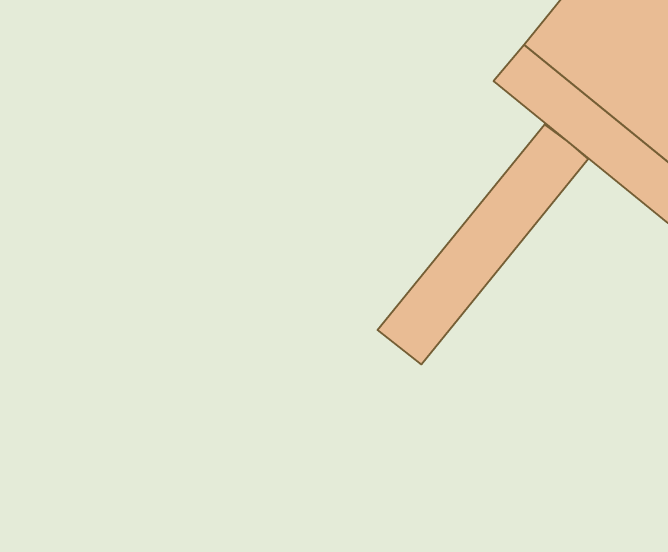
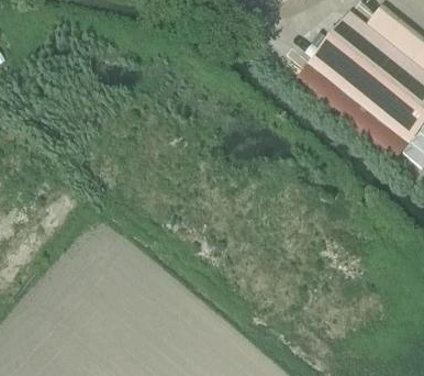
building: [378,125,588,364] -> none

